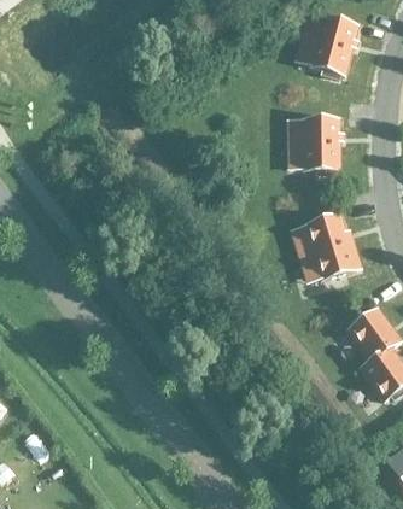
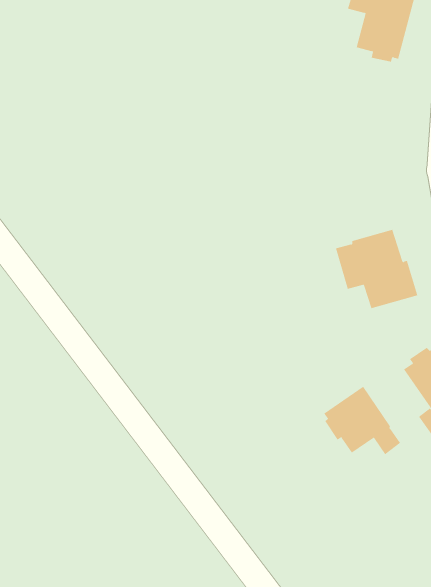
building: [287,118,339,174] -> none
building: none -> [323,386,401,455]

